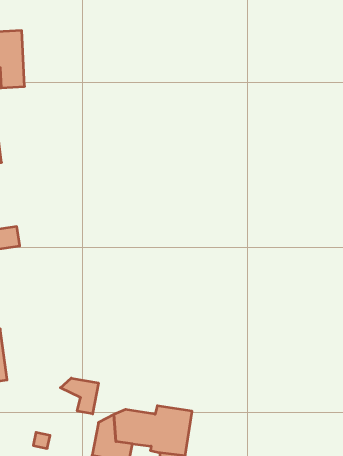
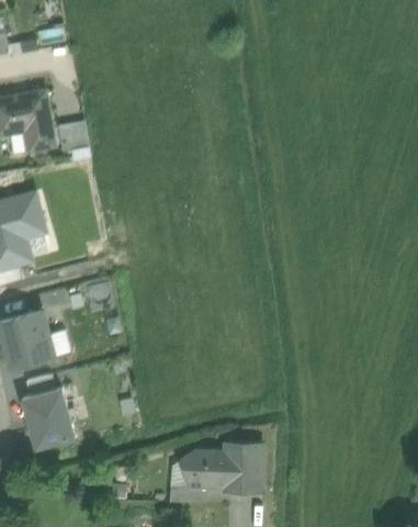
building: none -> [58,121,89,150]
building: [60,378,98,414] -> none

